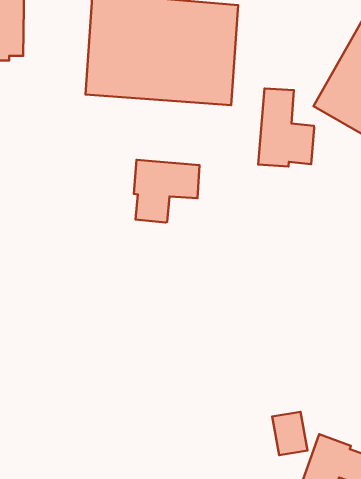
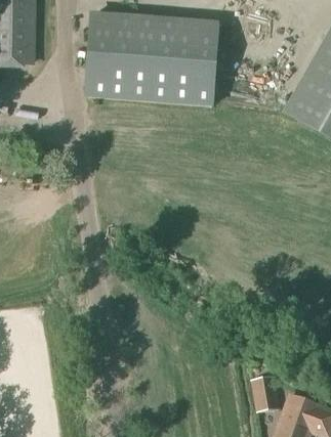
building: [258,88,314,167] -> none
building: [134,160,199,222] -> none

